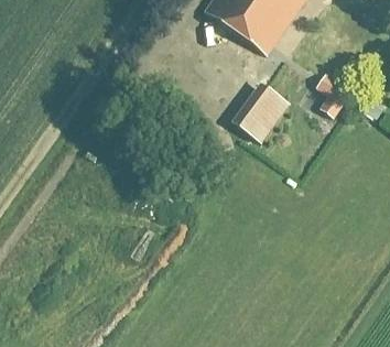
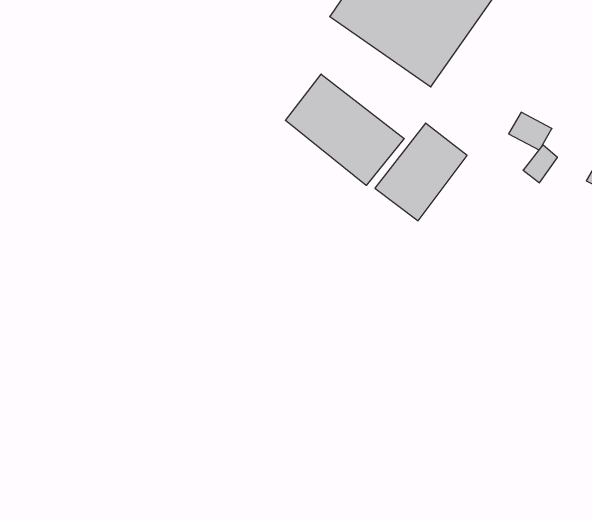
building: none -> [285,74,404,185]

